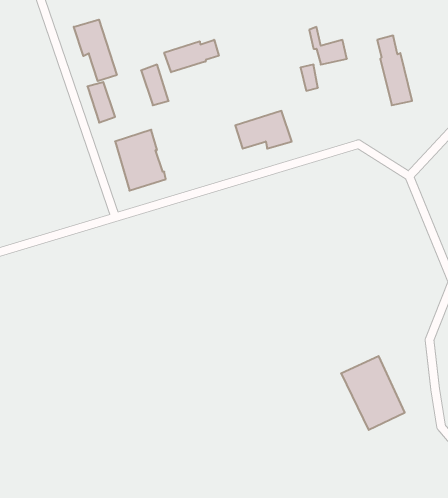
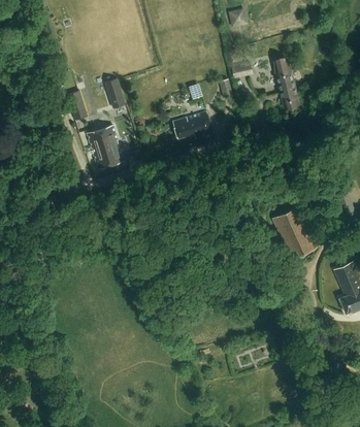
building: [74,20,117,81] -> none
building: [164,40,219,72] -> none
building: [341,356,405,430] -> [271,206,317,259]

